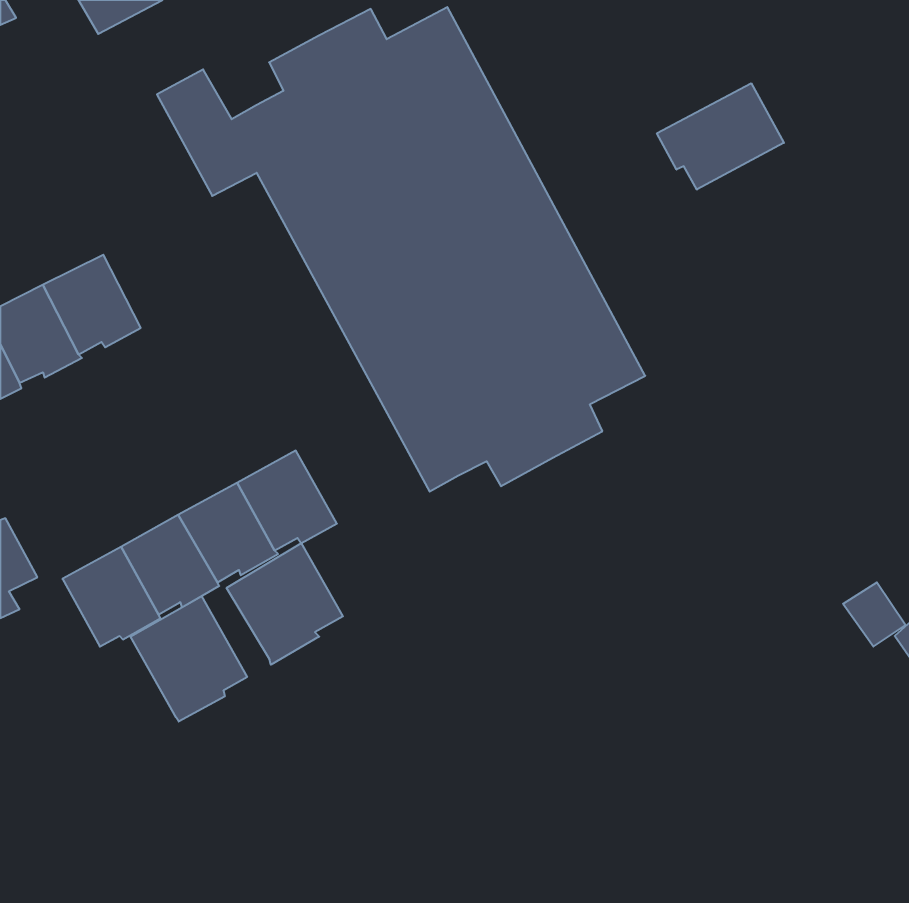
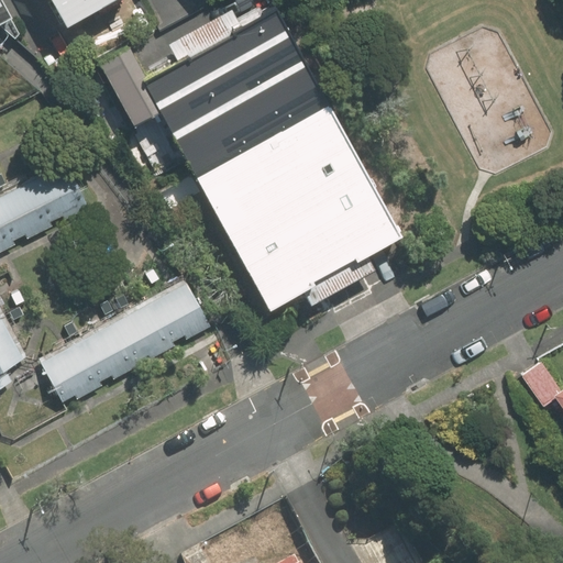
building: [657,83,784,190] -> none
building: [227,543,343,665] -> none
building: [131,596,247,722] -> none

